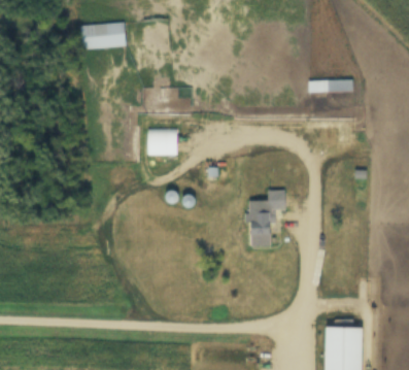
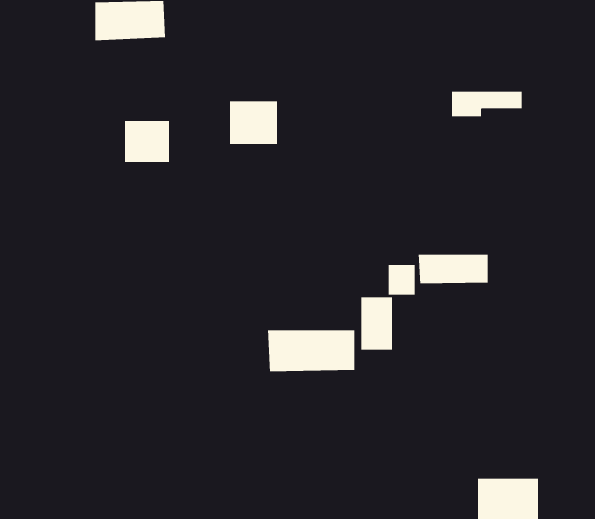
building: [147,129,176,156] -> [124,120,170,163]
building: none -> [418,254,488,284]
building: none -> [267,330,355,372]

